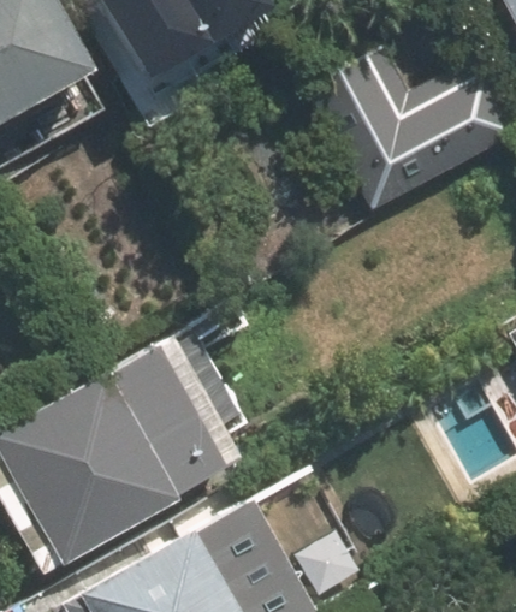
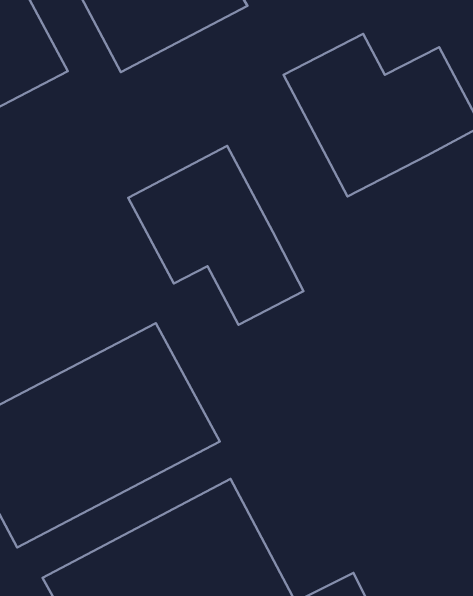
building: none -> [128,146,304,325]

